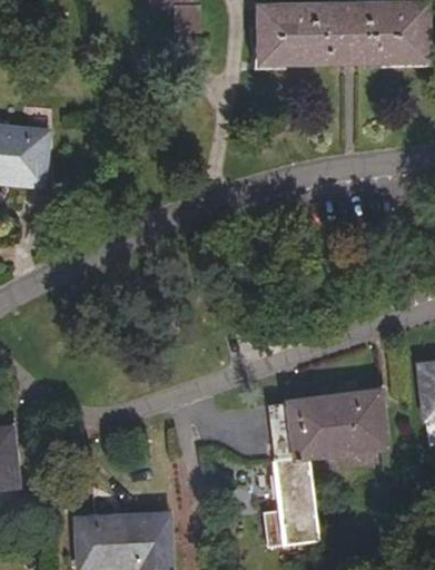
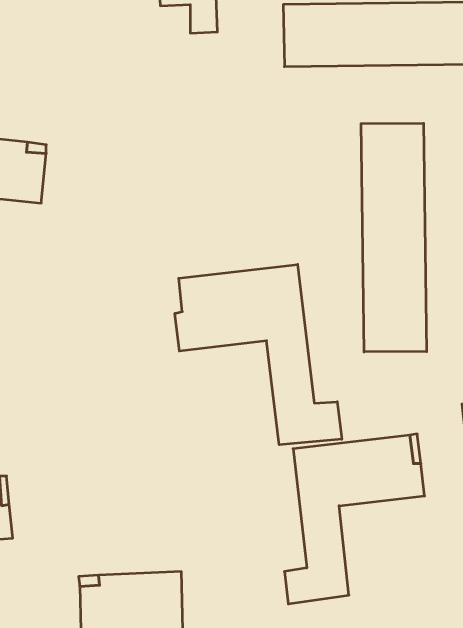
building: none -> [361,123,427,352]
building: none -> [175,264,342,445]

